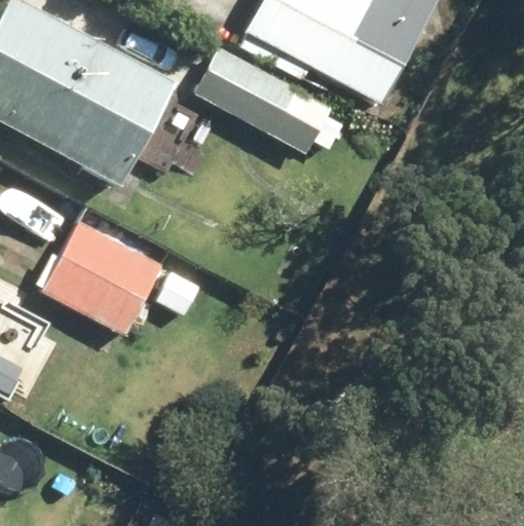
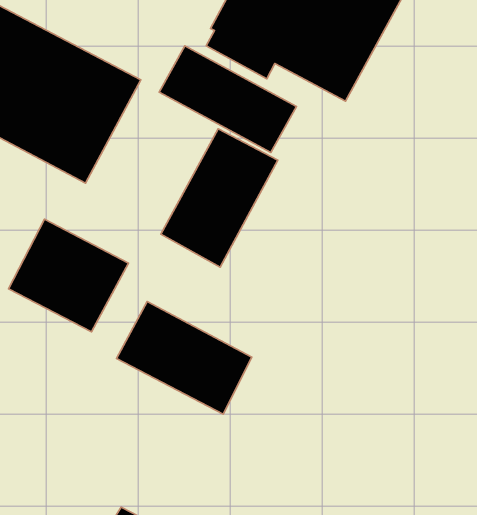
building: none -> [161,129,278,267]
building: none -> [116,302,252,414]

